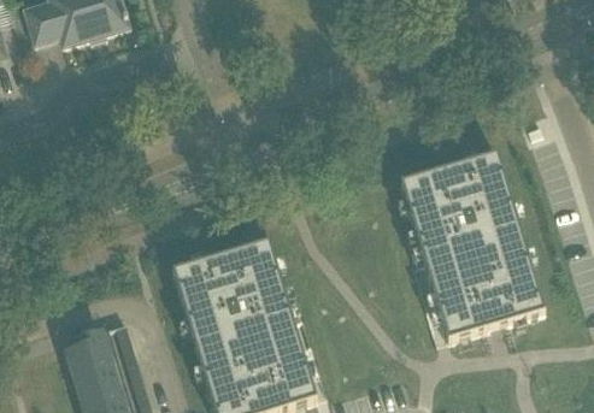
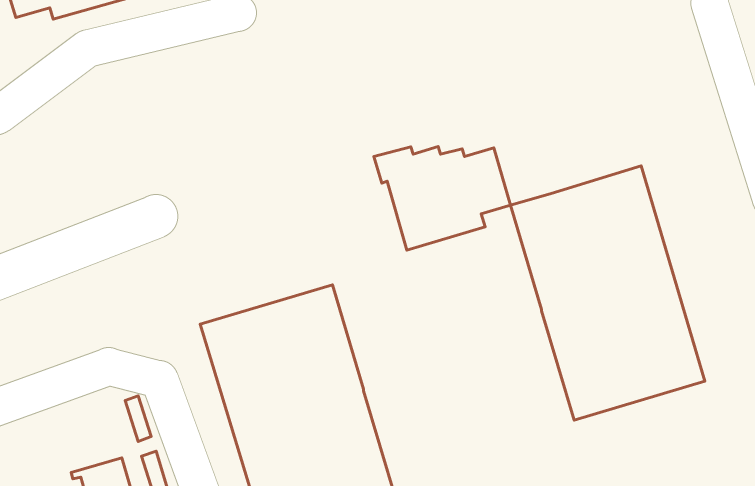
building: none -> [374,147,510,250]
building: [65,329,112,378] -> none

